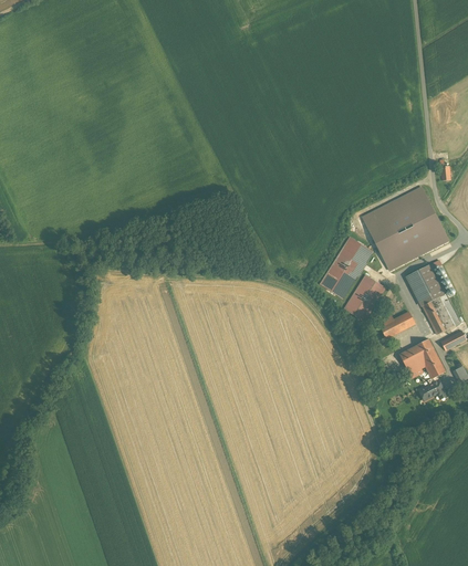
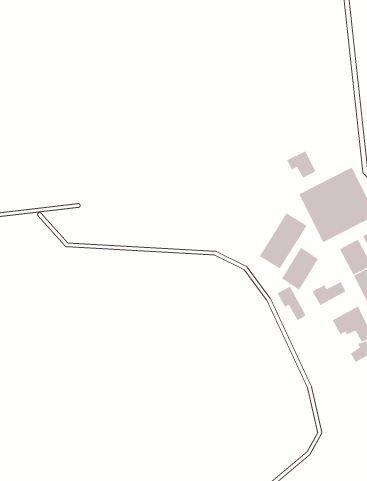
building: none -> [286,150,316,178]
building: none -> [277,286,306,321]

